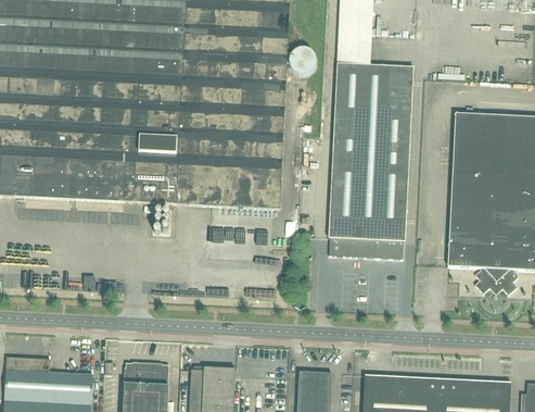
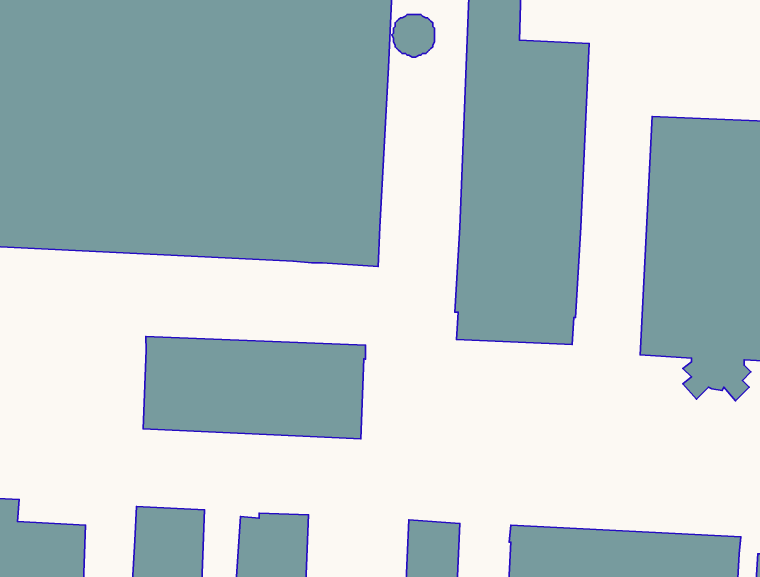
building: none -> [143,336,366,439]

